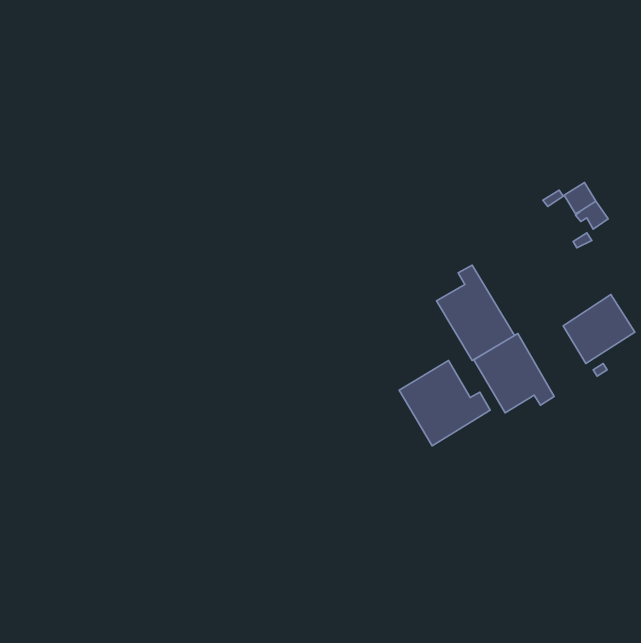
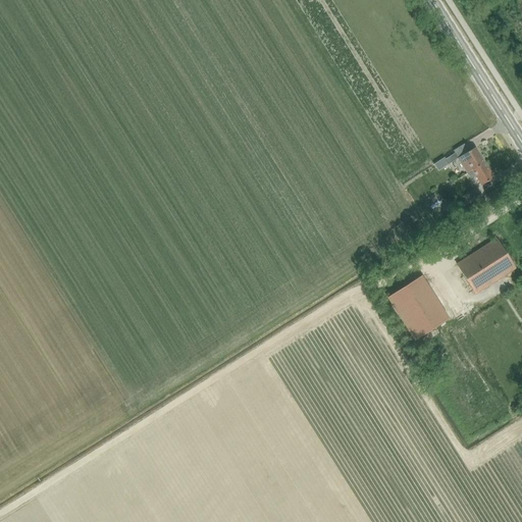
building: [437,265,515,361] -> none
building: [399,361,490,446] -> none

